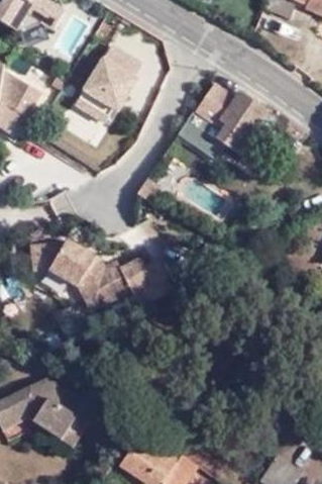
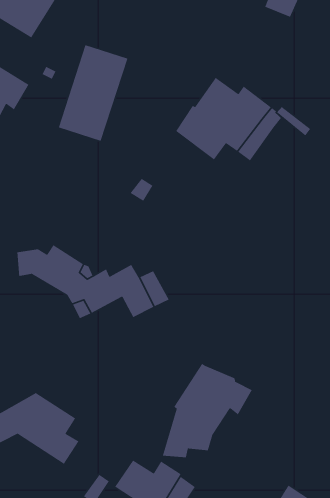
building: none -> [162,363,253,458]

